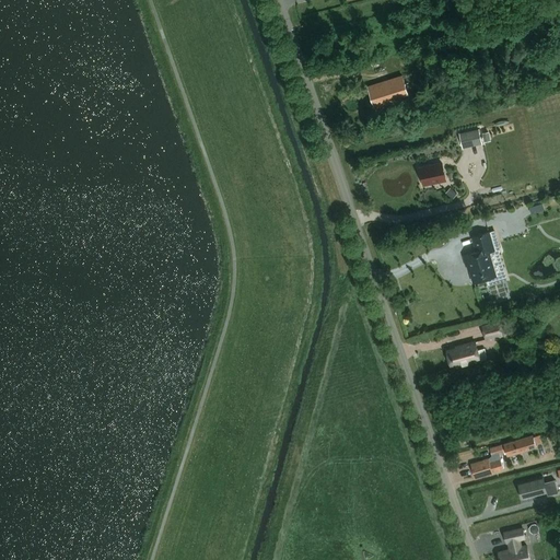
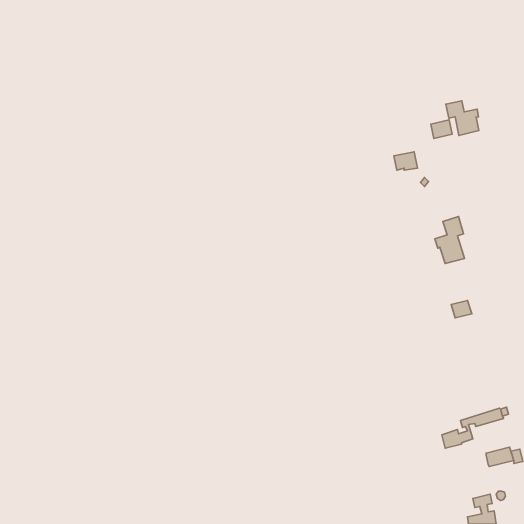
building: [369,75,411,108] -> none
building: none -> [446,101,479,135]
building: [447,341,480,368] -> none

